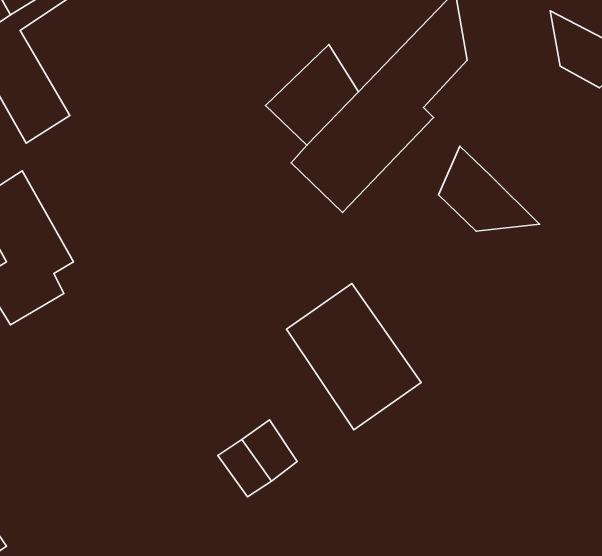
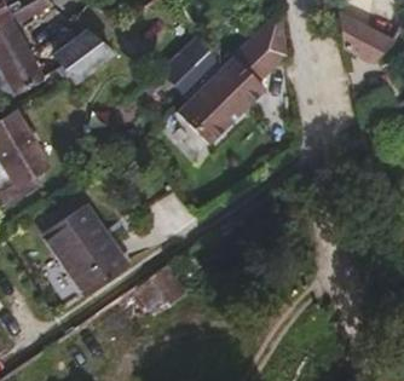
building: none -> [58,30,115,80]
building: [439,146,539,231] -> none
building: [287,284,421,430] -> [47,202,129,291]

